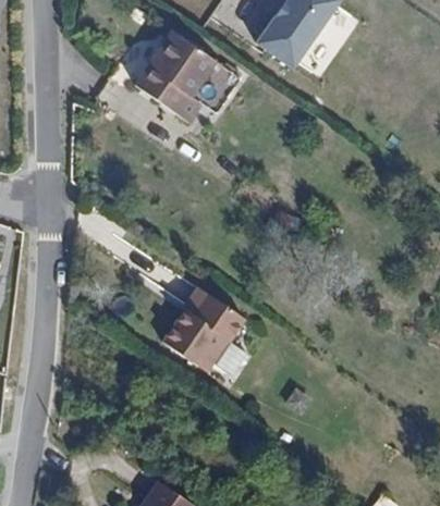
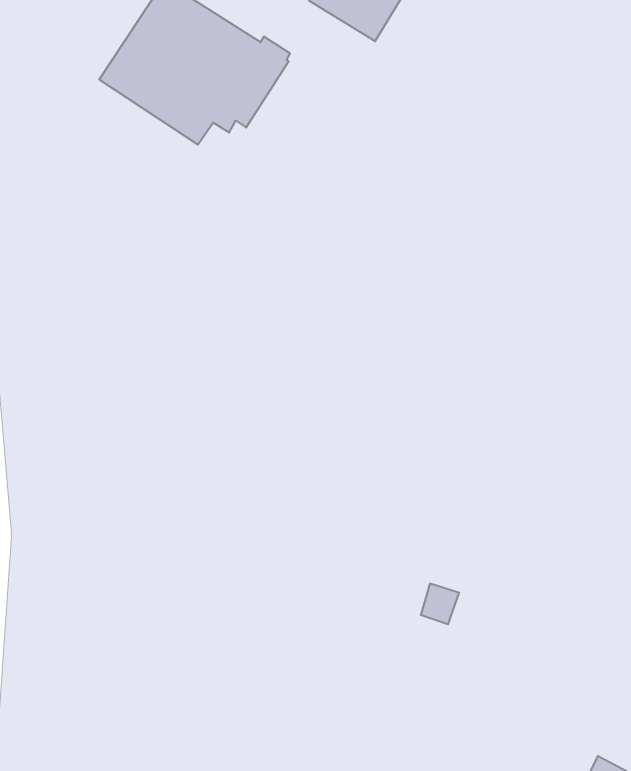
building: [160,291,246,368] -> none

